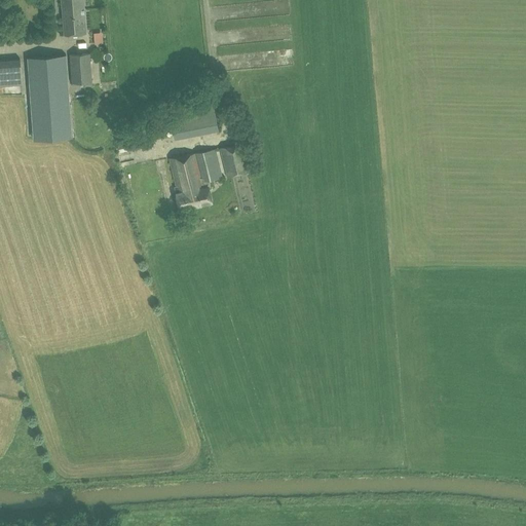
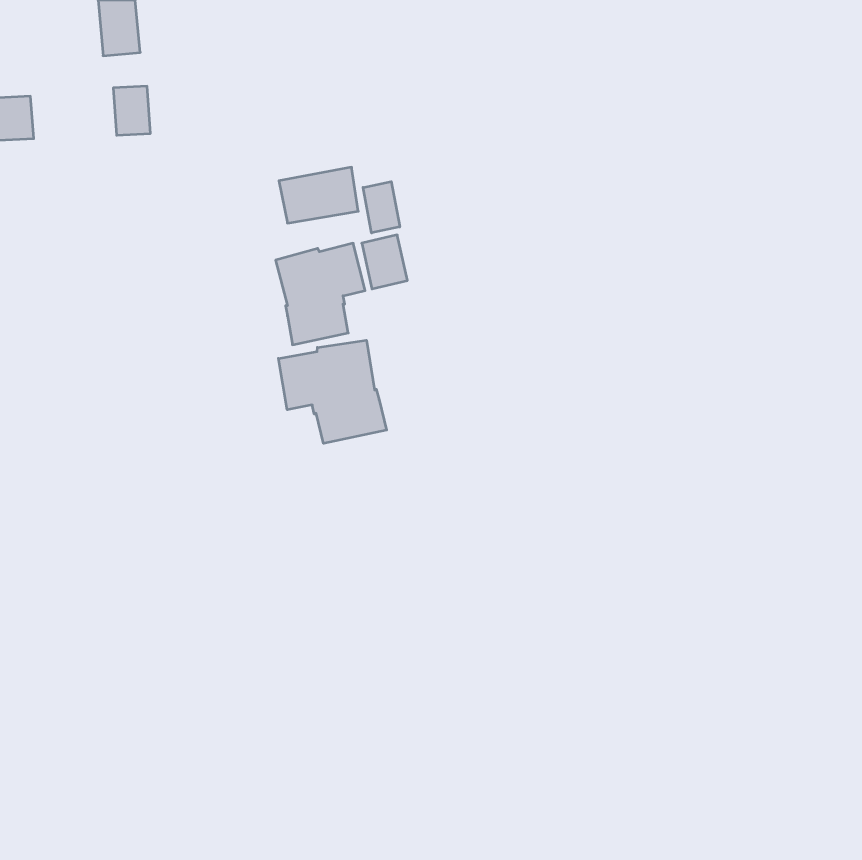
building: [27,57,71,142] -> none
building: none -> [363,182,400,233]
building: none -> [278,340,387,443]

